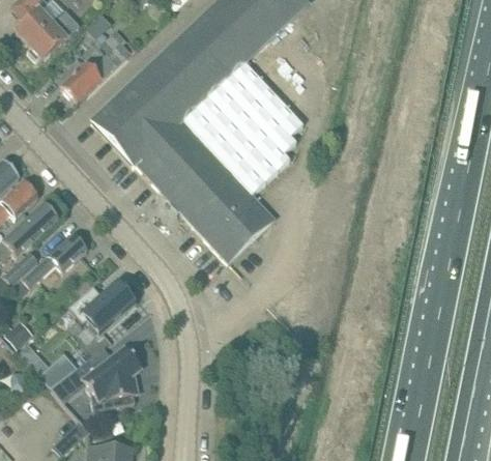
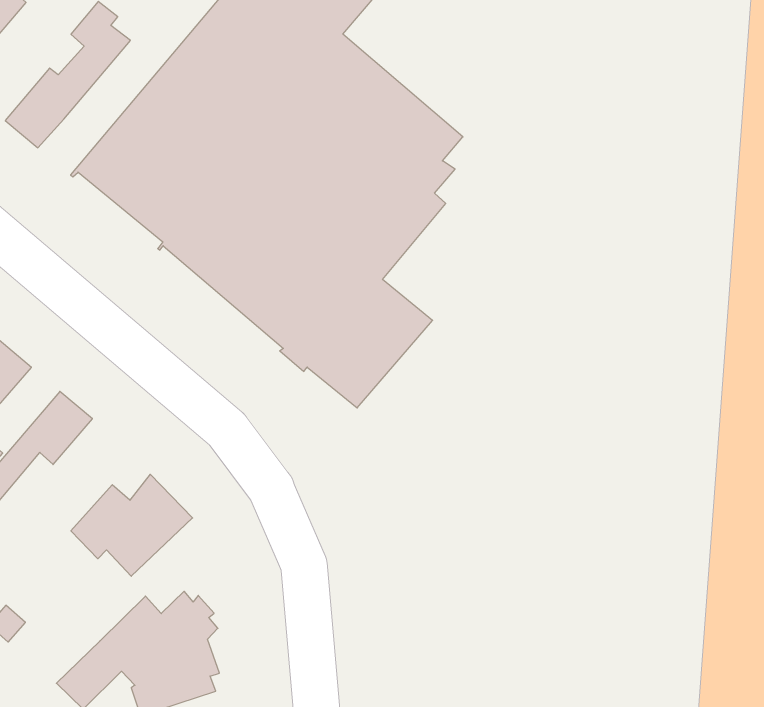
building: [39,353,77,387] -> none

